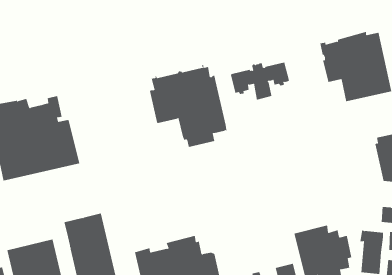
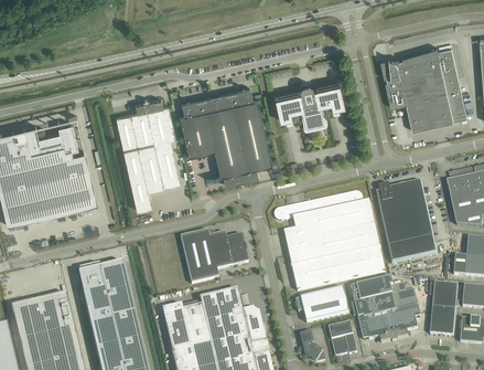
building: none -> [115,97,179,209]
building: none -> [376,181,435,261]
building: none -> [273,190,384,289]
building: none -> [180,228,247,282]
building: none -> [294,286,348,321]

